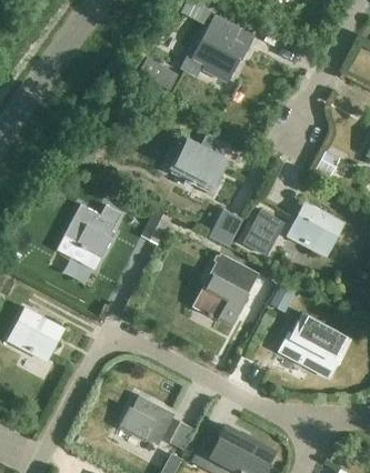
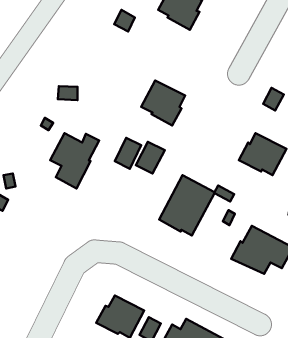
building: [208,209,242,246] -> [136,142,165,174]
building: [241,210,283,256] -> none
building: [9,306,61,361] -> none

